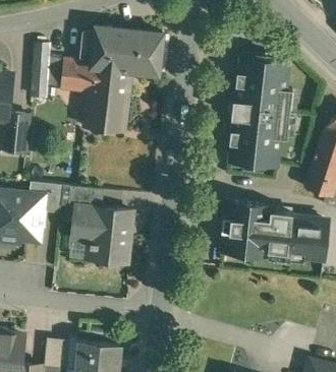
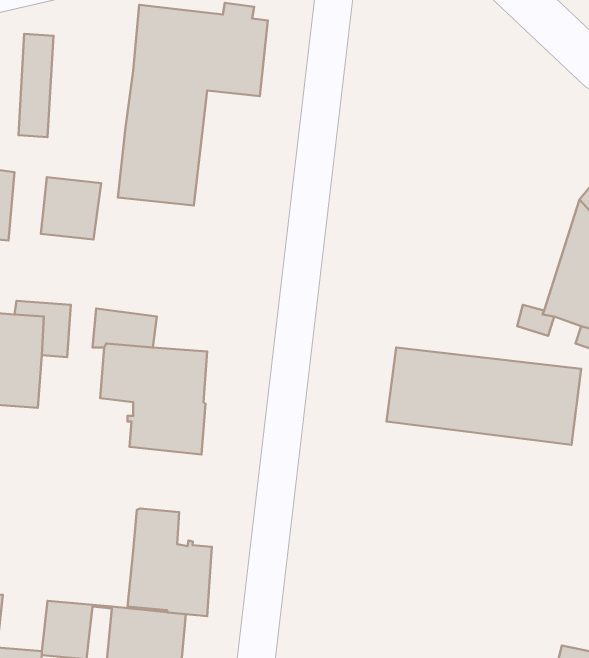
building: [60,60,92,92] -> [41,177,101,240]
building: [230,61,287,166] -> none
building: none -> [128,508,212,616]

